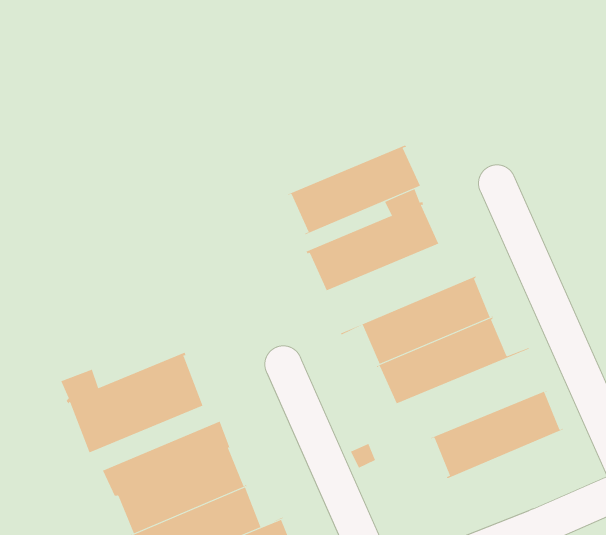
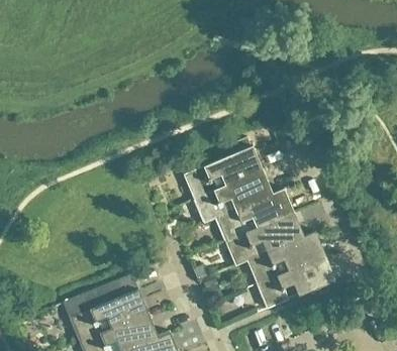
building: [287,145,441,235] -> [193,170,284,224]
building: none -> [234,233,325,285]
building: [60,352,207,454] -> none

